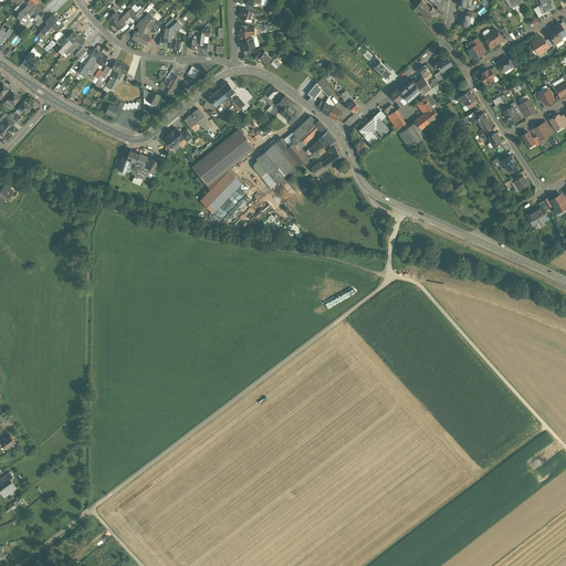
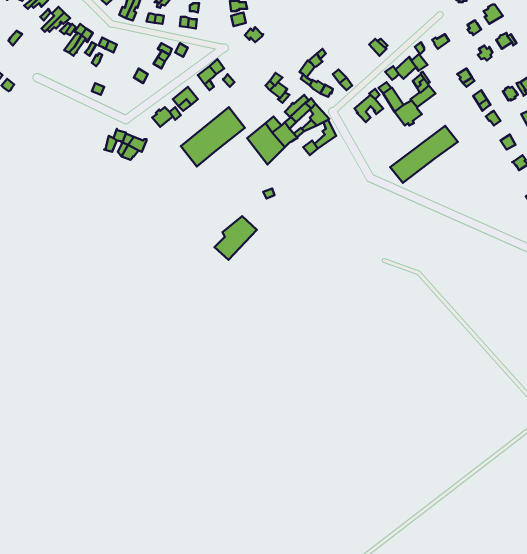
building: none -> [390,126,458,183]
building: [199,170,240,212] -> [215,216,257,260]

